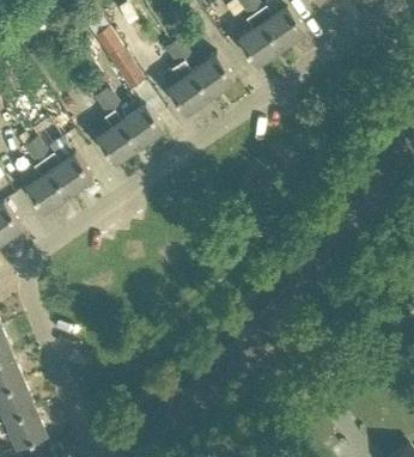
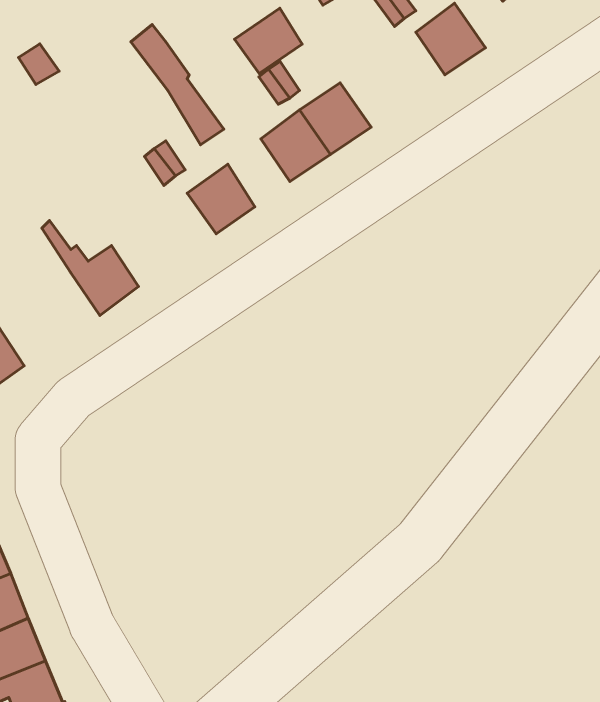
building: none -> [235,8,302,74]
building: [237,22,280,66] -> none
building: [96,121,139,164] -> none
building: [24,142,67,213] -> none

